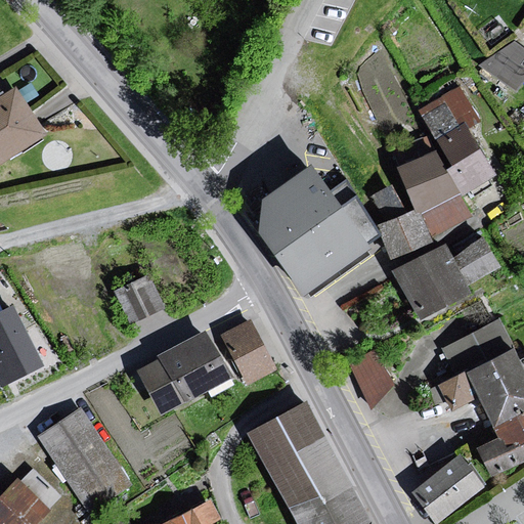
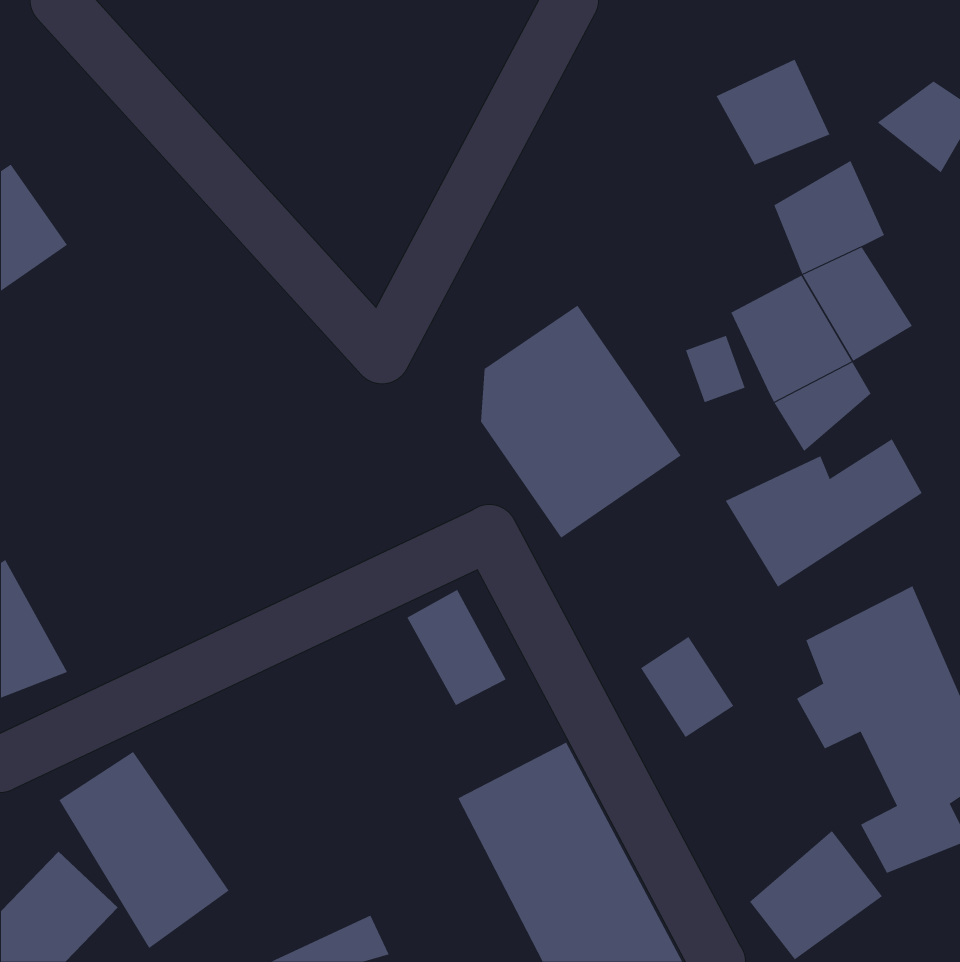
building: none -> [716,59,830,165]
building: [379,211,438,260] -> none
building: [116,273,167,324] -> none
building: [139,331,233,414] -> none

